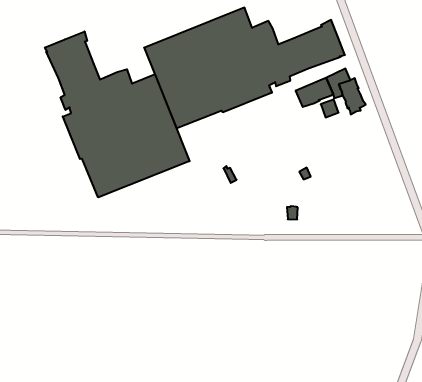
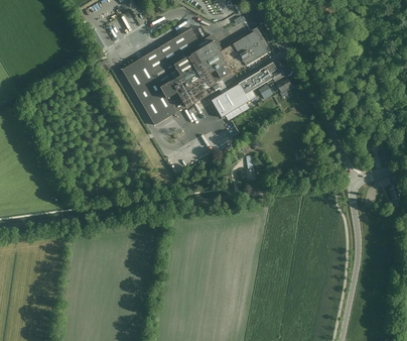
building: [45,31,190,197] -> none
building: none -> [210,83,257,117]

